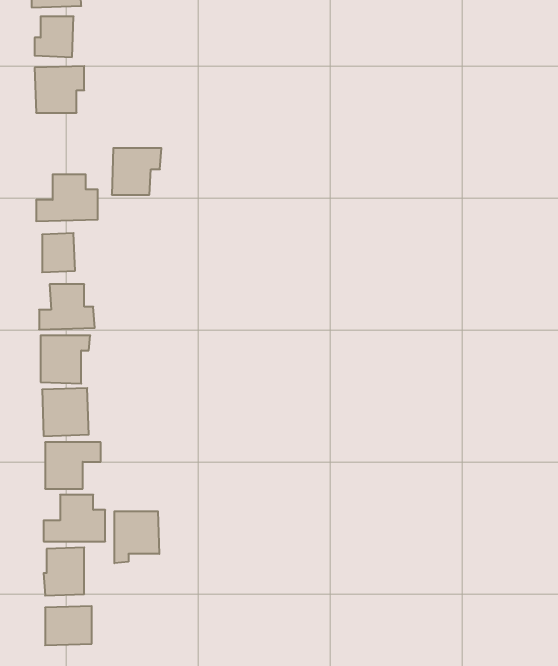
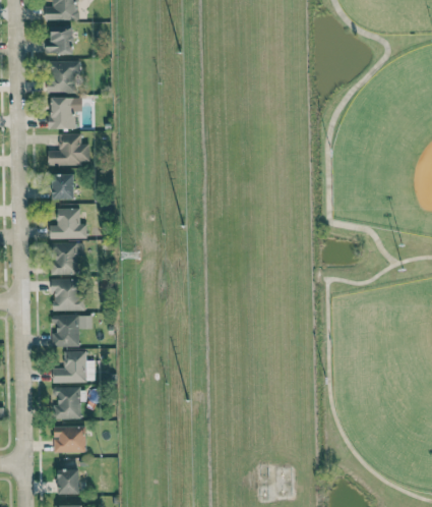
building: [112,148,161,195] -> [49,98,82,129]
building: [114,511,159,563] -> none

